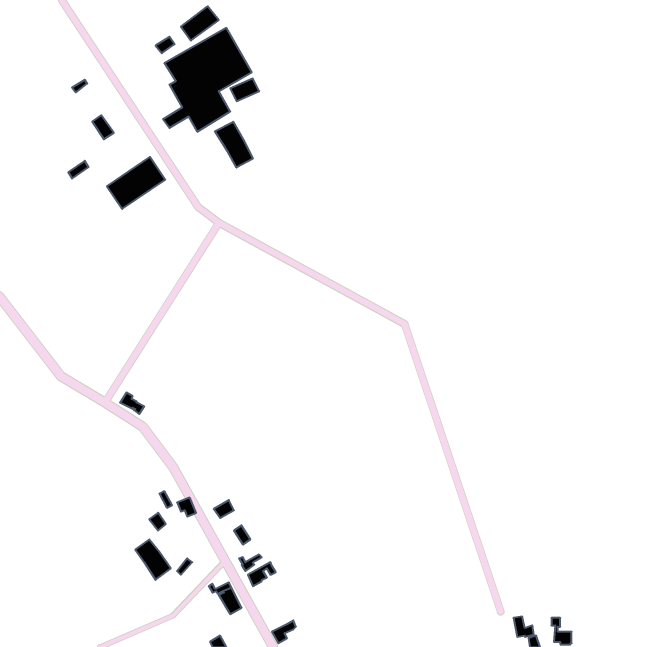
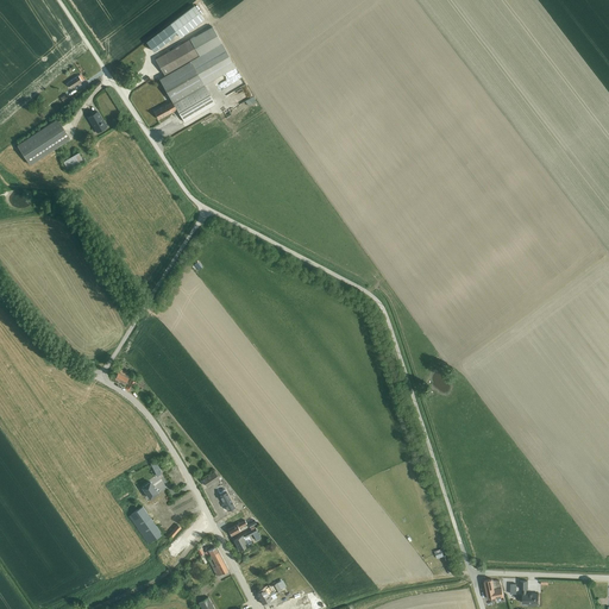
building: [215,122,253,168] -> none
building: [107,157,165,209] -> [17,115,71,164]

